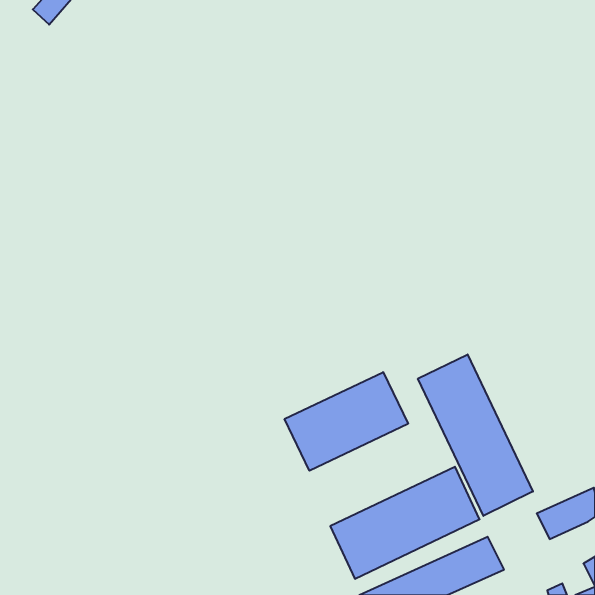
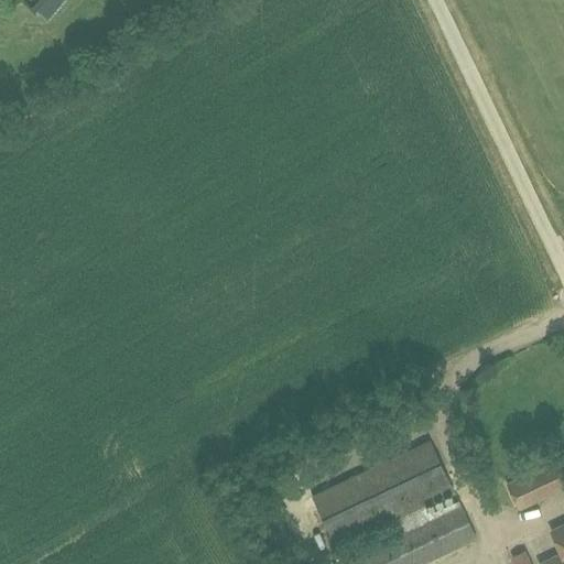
building: [418,354,533,516] -> none
building: [285,372,408,471] -> none

